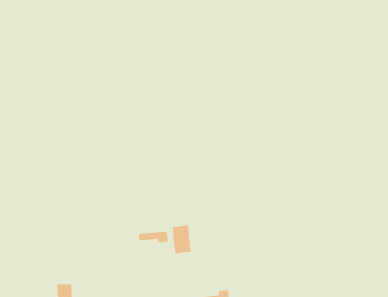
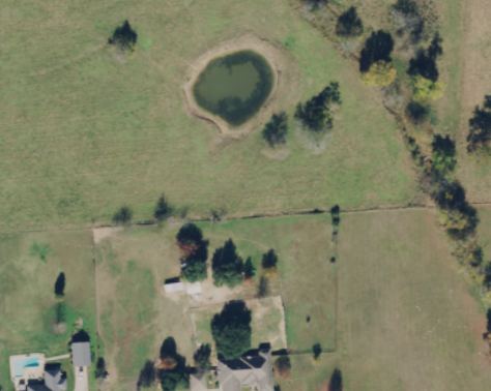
building: [172,225,191,254] -> none

